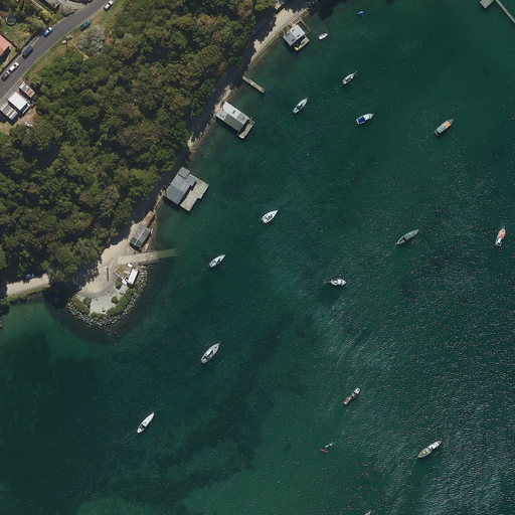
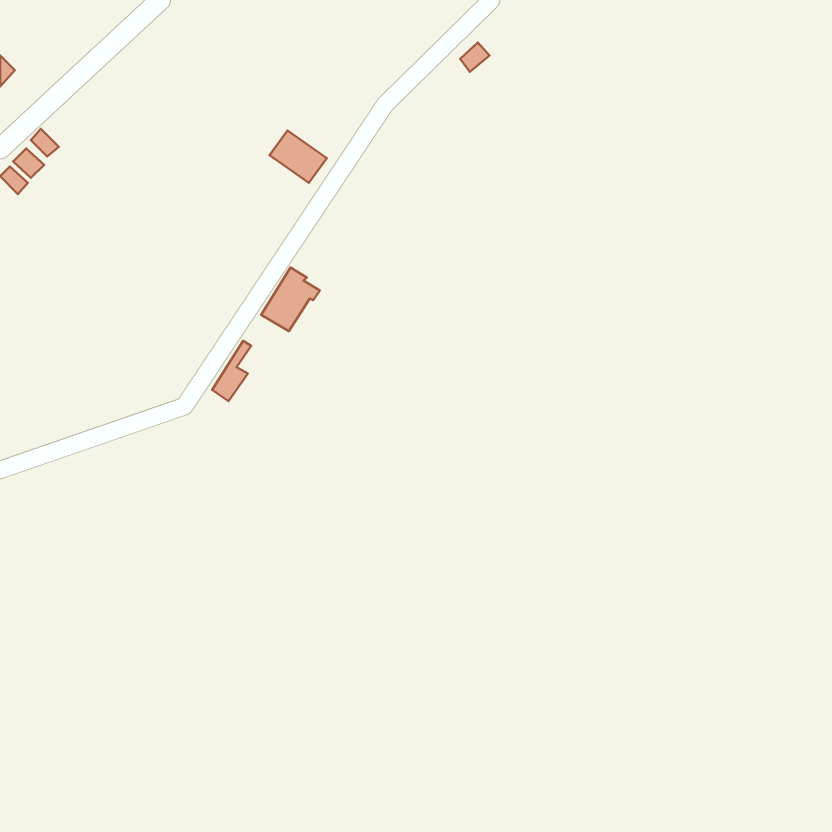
building: [215,102,250,134] -> [270,131,327,183]

